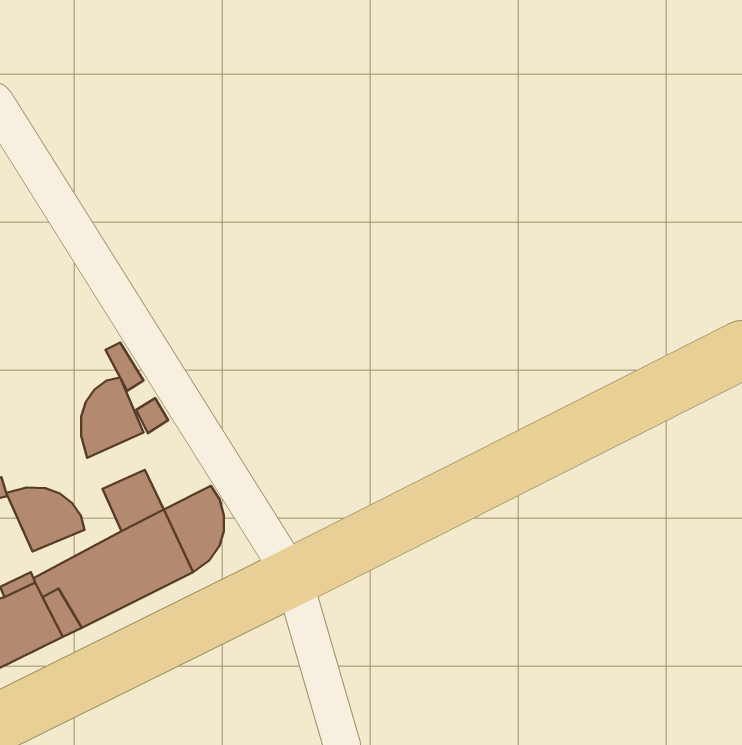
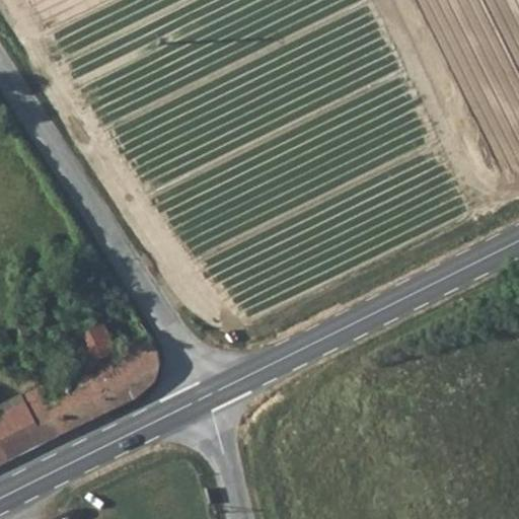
building: [81,377,143,458] -> none
building: [6,487,84,551] -> none

